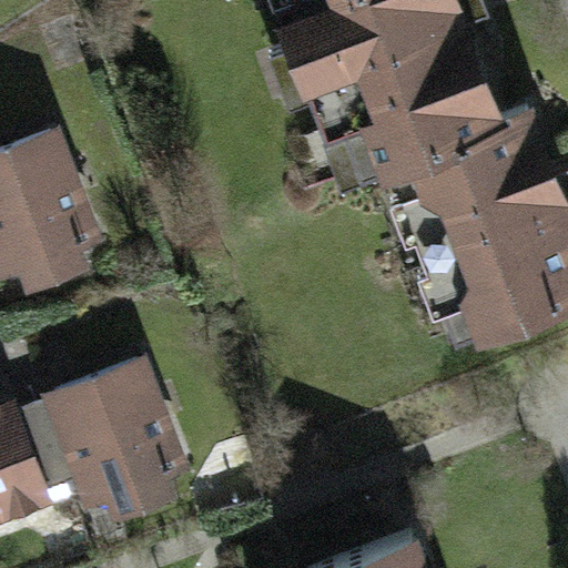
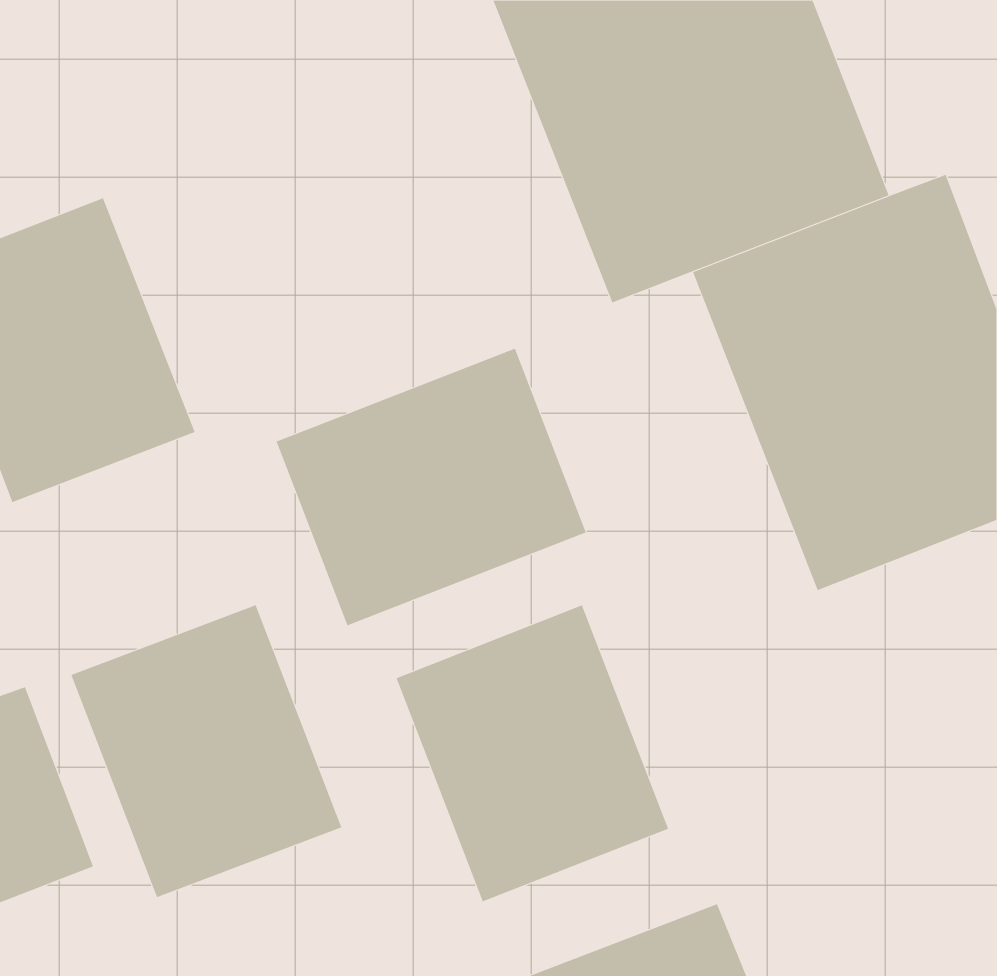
building: none -> [276,348,587,626]
building: none -> [396,604,669,902]

